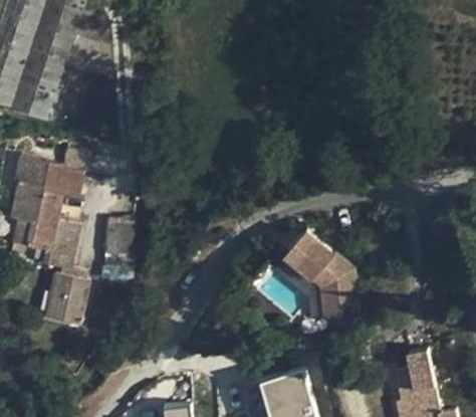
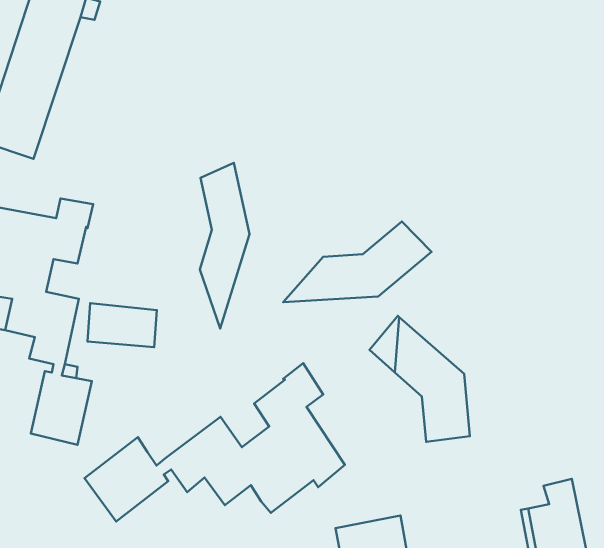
building: none -> [200,163,249,328]
building: none -> [283,222,431,302]
building: none -> [84,363,345,521]

